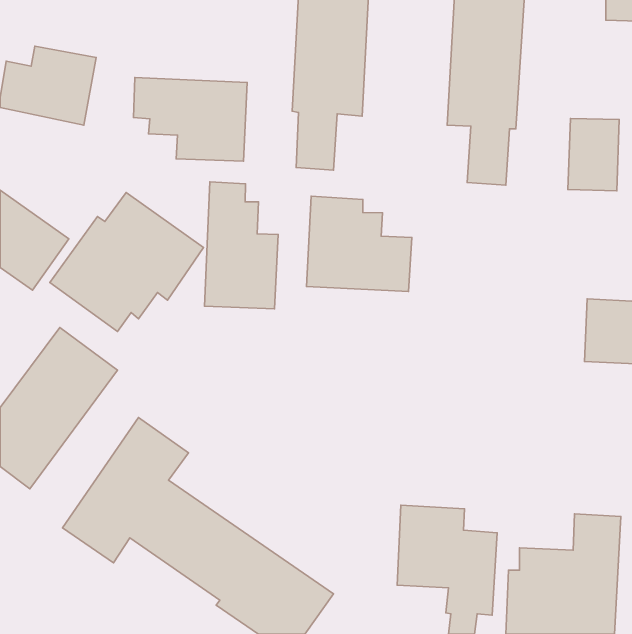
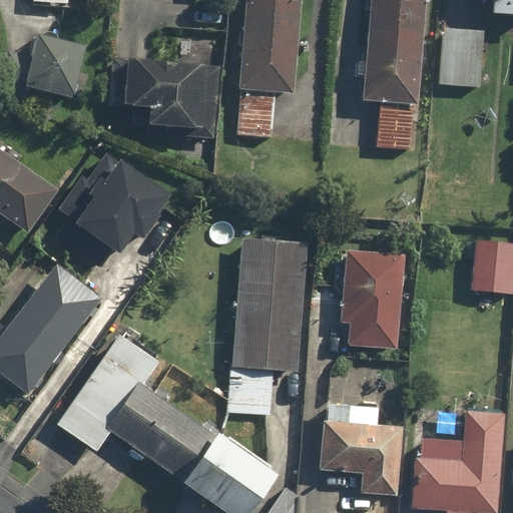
building: [568,118,619,191] -> [442,26,483,84]
building: [204,182,278,309] -> none
building: [307,196,412,292] -> none
building: none -> [231,238,308,413]
building: none -> [343,251,403,346]

